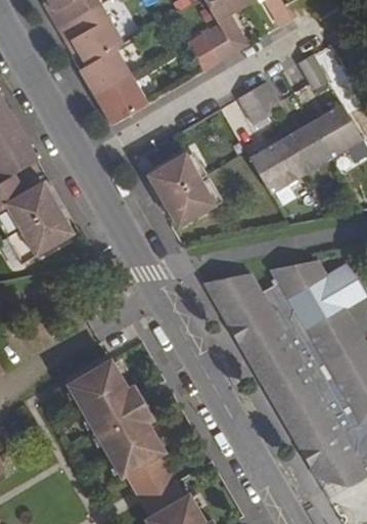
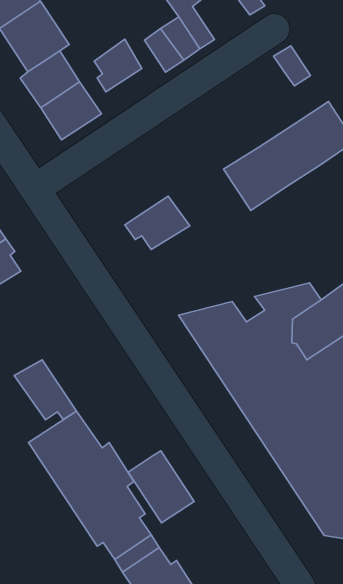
building: none -> [94,39,142,92]
building: [237,81,282,125] -> none
building: [152,151,199,201] -> none
building: none -> [14,360,76,420]
building: none -> [128,451,194,523]

